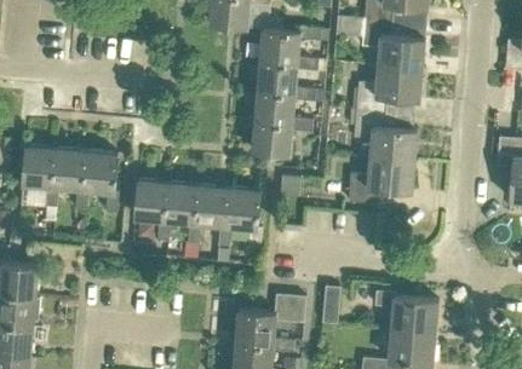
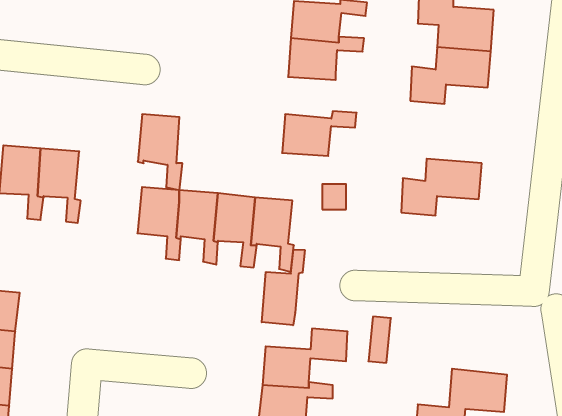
building: [254,88,315,125] -> none
building: [354,110,417,161] -> none
building: [84,151,120,213] -> [138,114,182,190]
building: none -> [262,249,305,325]
building: [373,290,437,333] -> none

